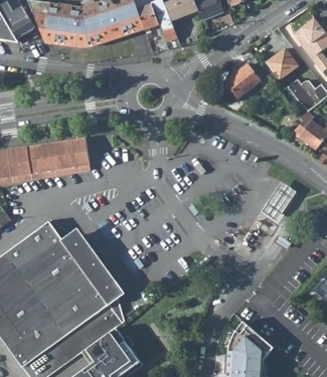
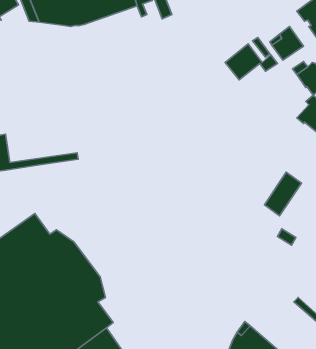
building: [22,139,89,174] -> none
building: [49,220,124,322] -> none

